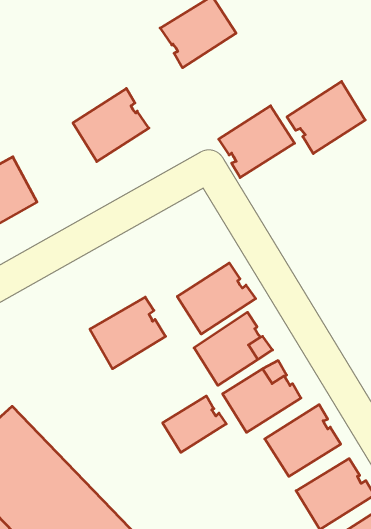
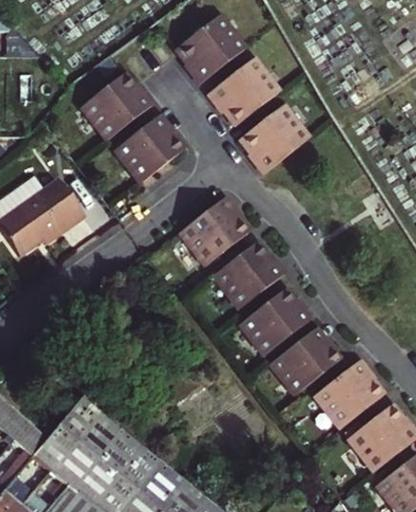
building: none -> [82,74,152,140]
building: [287,81,365,154] -> [210,58,280,125]
building: [90,297,166,369] -> [179,199,247,266]
building: [163,396,226,452] -> none

